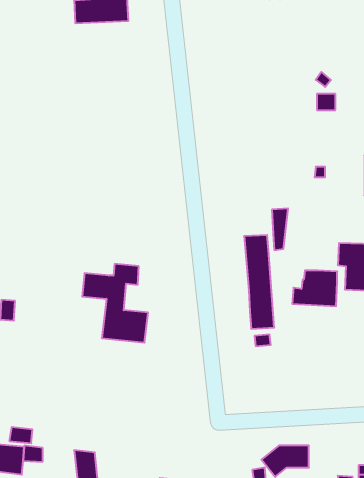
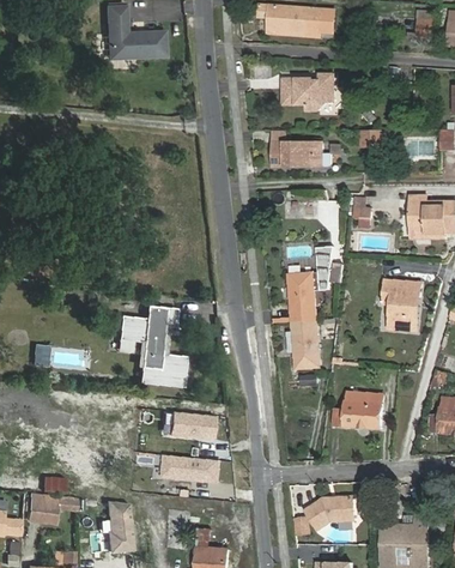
building: none -> [275,71,329,108]
building: none -> [271,143,321,167]
building: [292,270,337,306] -> [334,391,381,428]
building: none -> [169,411,214,439]
building: none -> [160,455,219,483]

